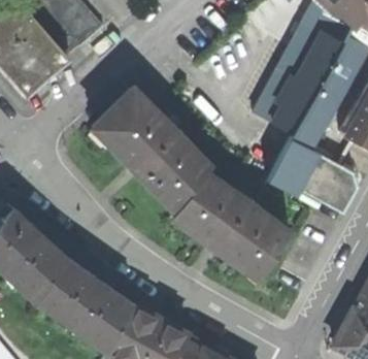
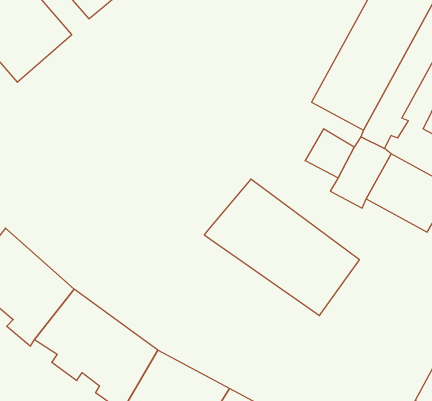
building: [92,88,209,208] -> none

